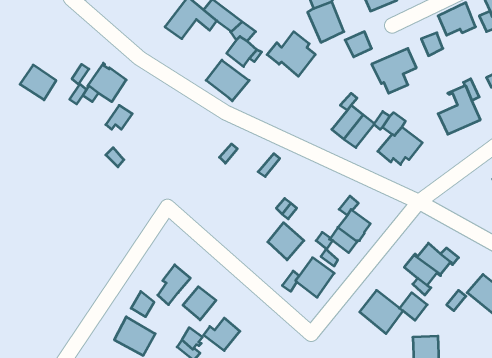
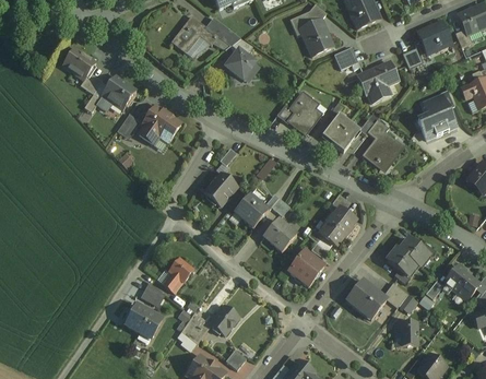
building: [267,32,315,76] -> [276,93,320,133]
building: [206,60,249,101] -> none
building: [20,65,56,100] -> [62,47,95,79]
building: none -> [139,105,180,142]
building: none -> [203,173,237,206]
building: none -> [234,194,268,227]
building: [183,287,216,320] -> none

